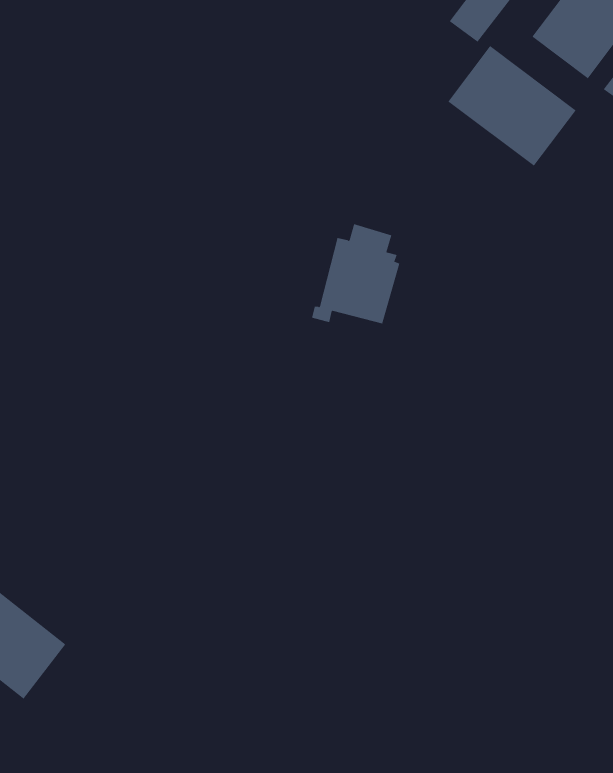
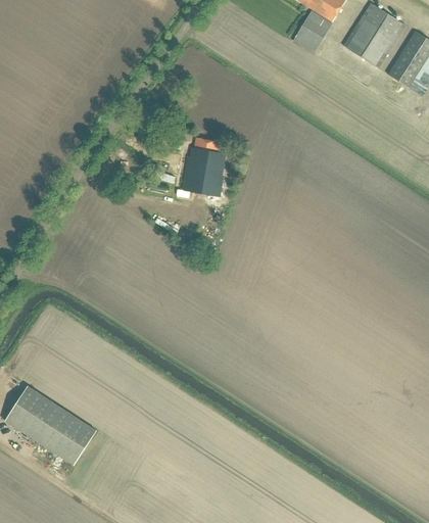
building: [447,45,577,167] -> none
building: [311,223,400,324] -> [175,138,225,198]

